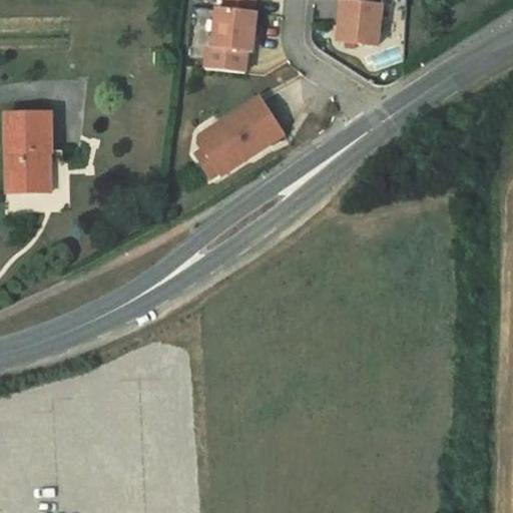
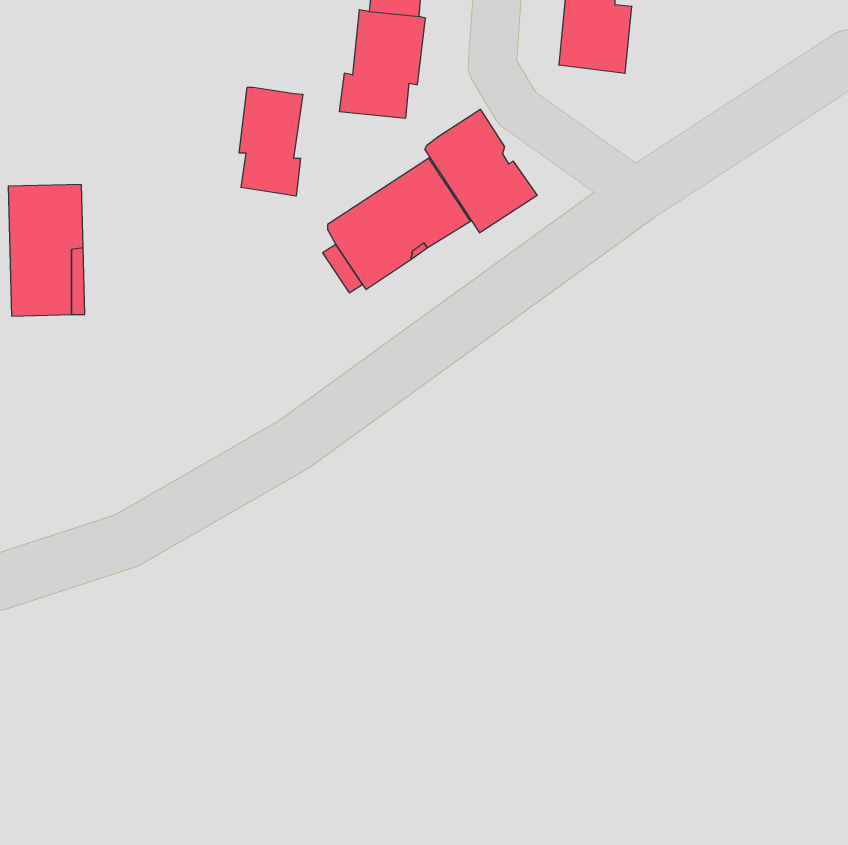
building: none -> [239,87,303,196]
building: none -> [425,109,537,233]

